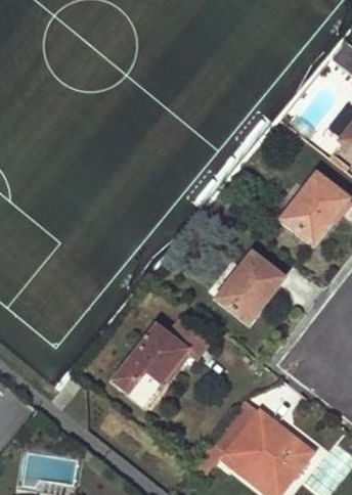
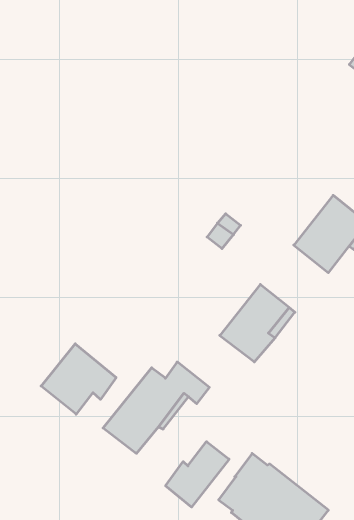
building: none -> [41,344,116,414]
building: none -> [166,442,229,507]

